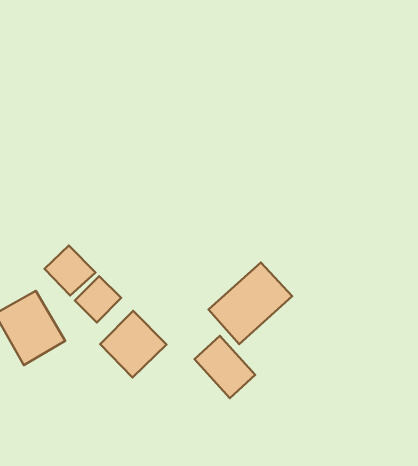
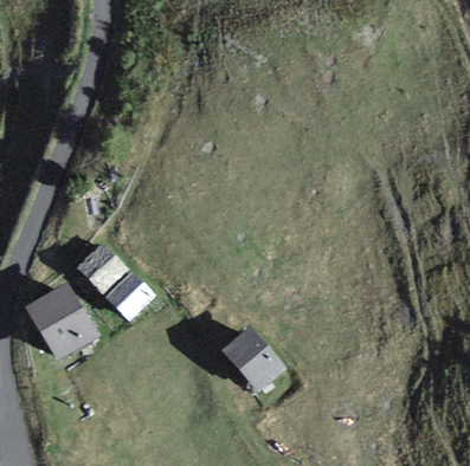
building: [209,263,292,344] -> none
building: [100,311,167,378] -> none

